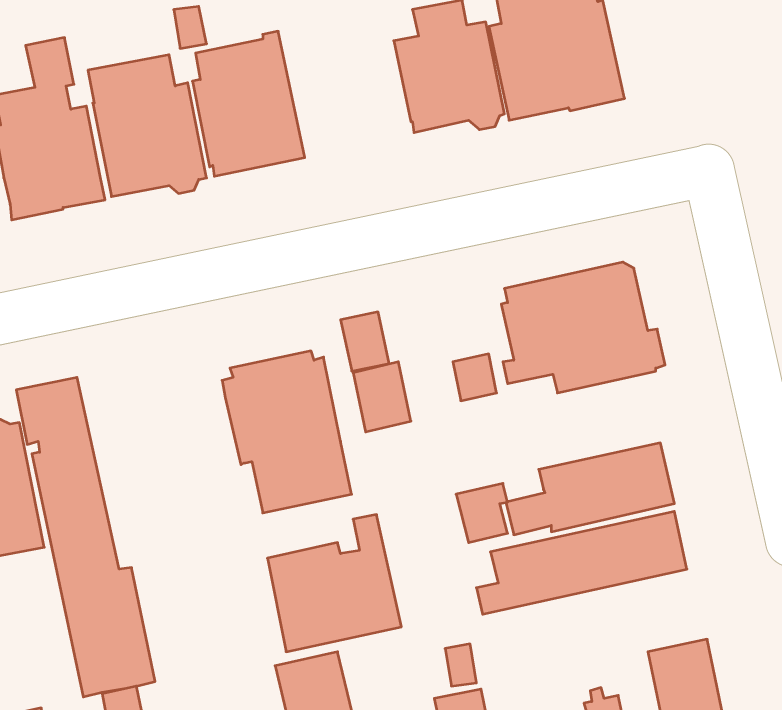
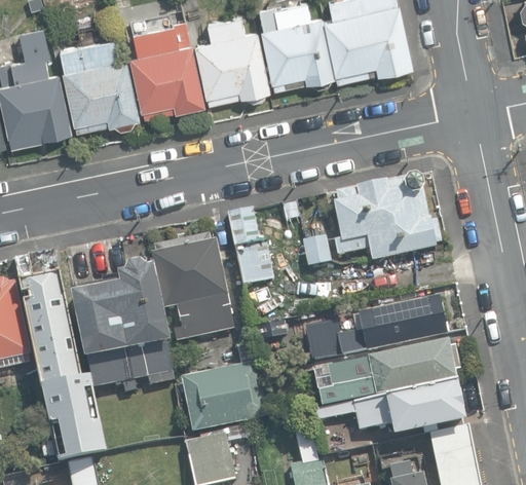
building: none -> [194,15,269,104]
building: none -> [71,259,179,391]
building: none -> [313,381,466,435]

